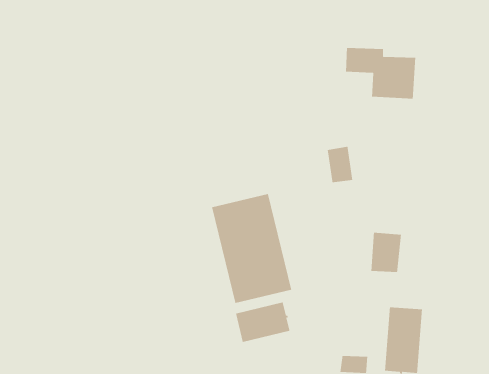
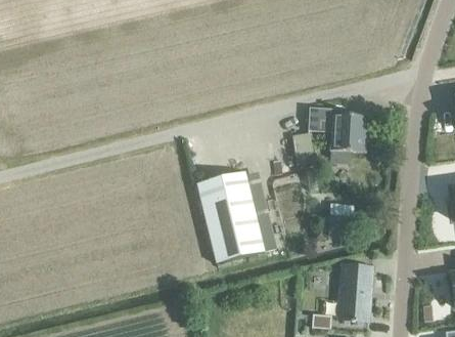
building: [345,47,416,100] -> [309,108,367,151]
building: [235,302,290,343] -> none

